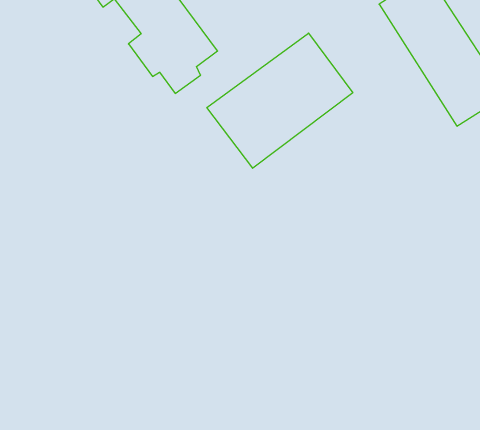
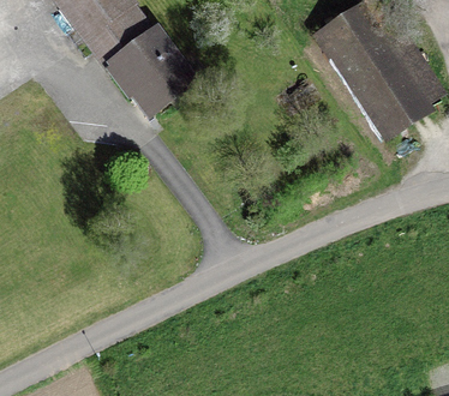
building: [207,33,353,168] -> none

